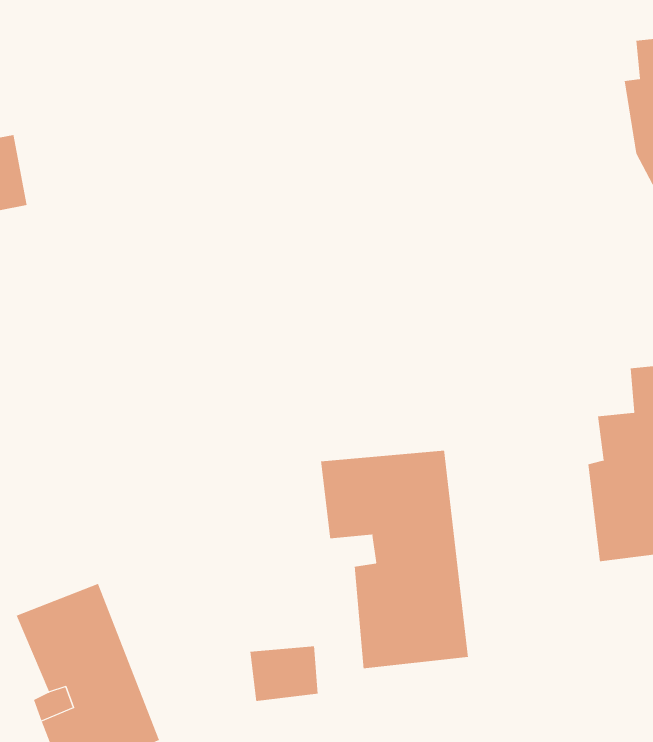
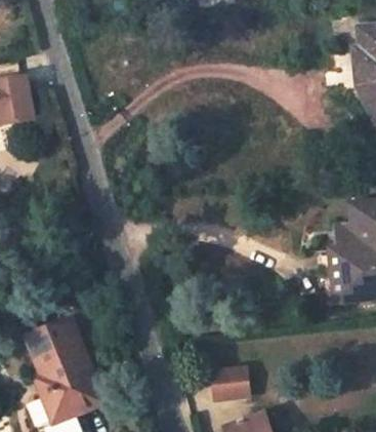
building: [321,450,469,669] -> none
building: [250,646,319,701] -> [210,368,247,398]

